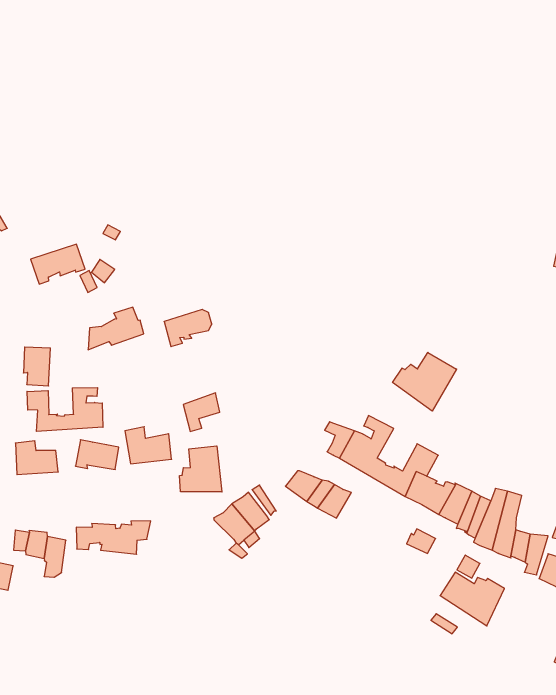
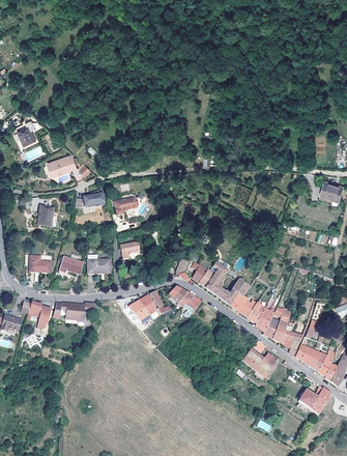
building: [393,352,457,411] -> none
building: [27,388,103,431] -> none
building: [180,446,222,492] -> none

